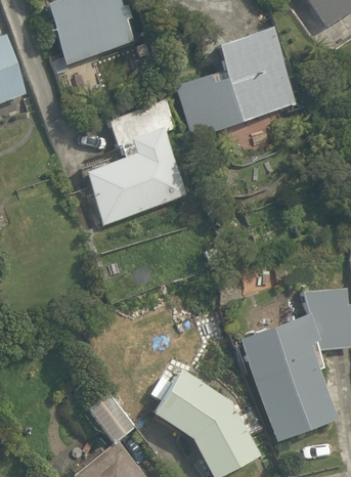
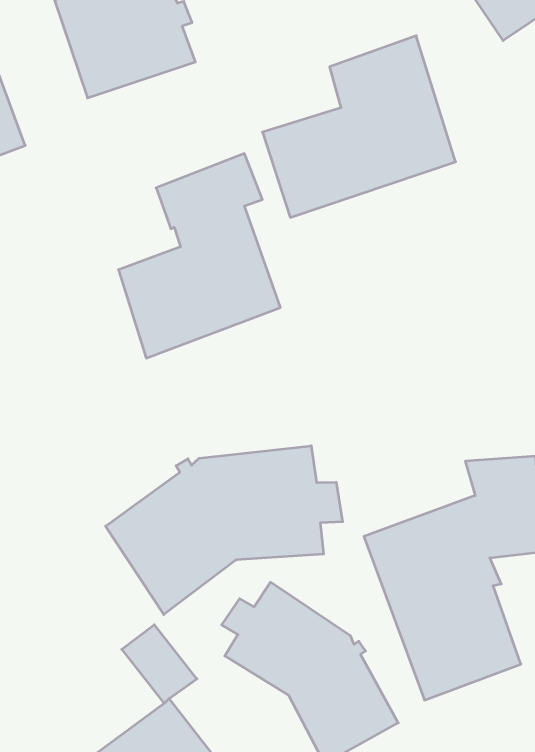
building: none -> [106,446,343,615]

